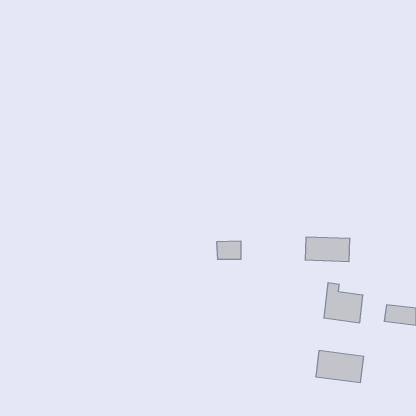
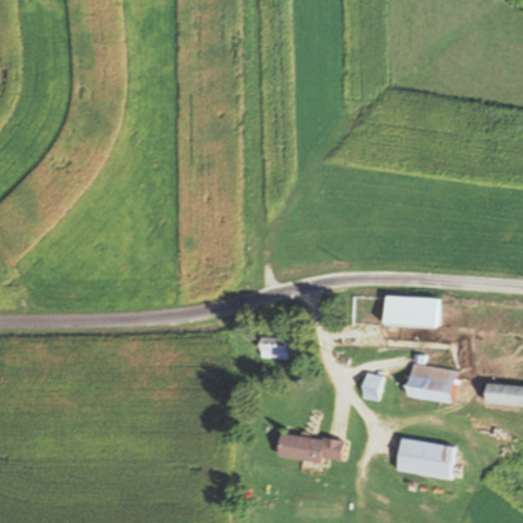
building: [217,241,241,259] -> [259,337,290,360]
building: none -> [360,372,385,402]
building: none -> [277,433,344,463]

